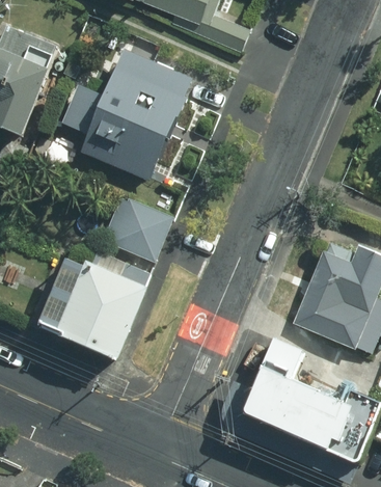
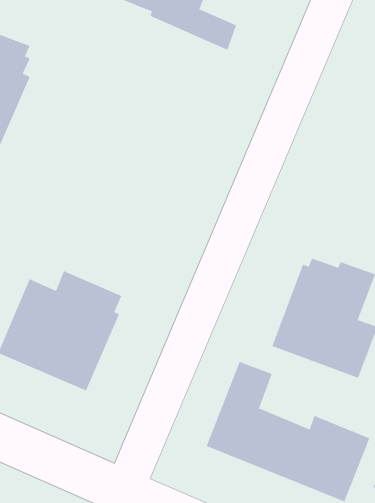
building: [70,51,199,181] -> none
building: [110,193,178,262] -> none

